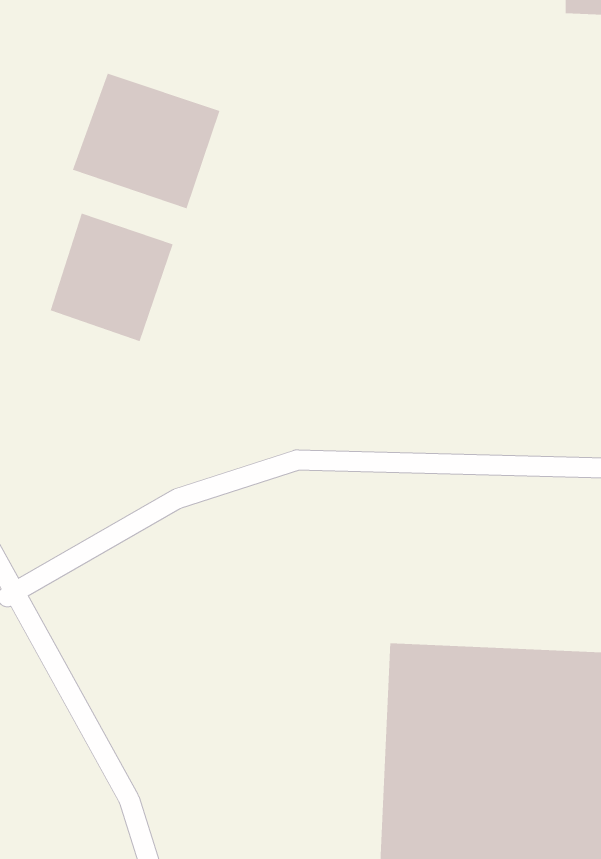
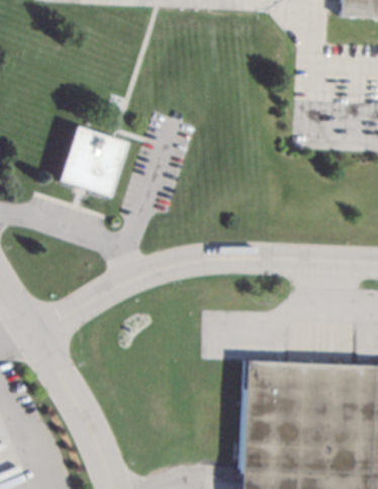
building: [72,73,220,209] -> none

